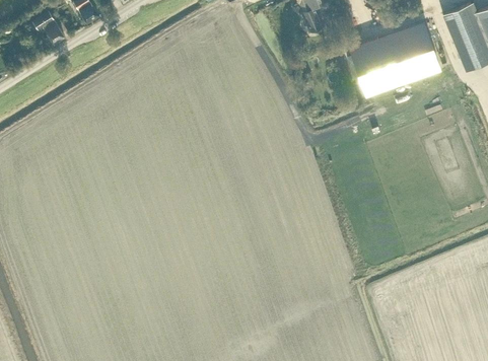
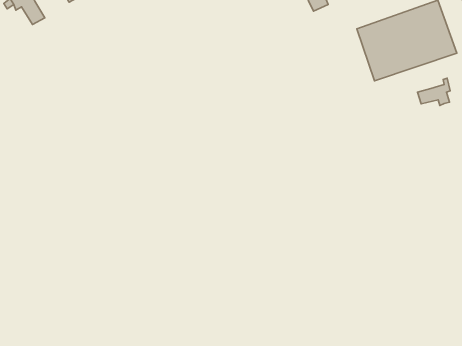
building: none -> [418,78,450,106]

